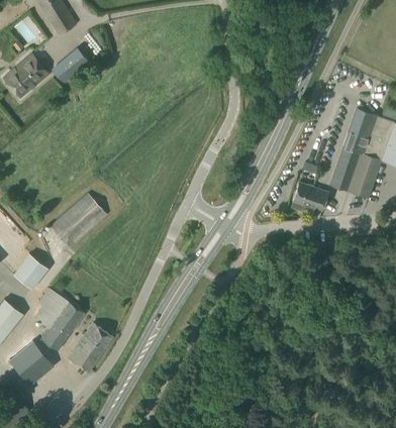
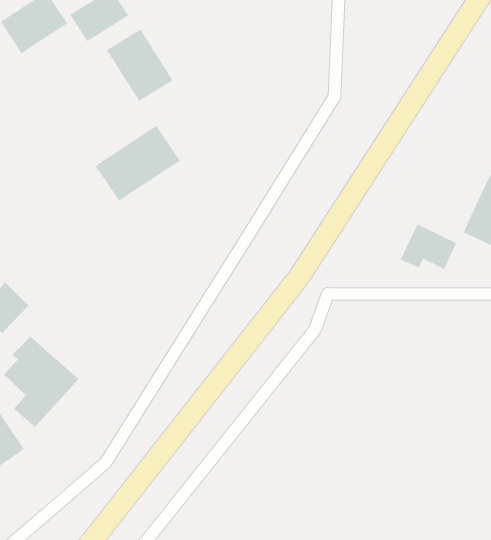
building: none -> [106,29,174,102]
building: [49,193,107,247] -> [95,125,181,202]
building: [69,323,113,371] -> none

